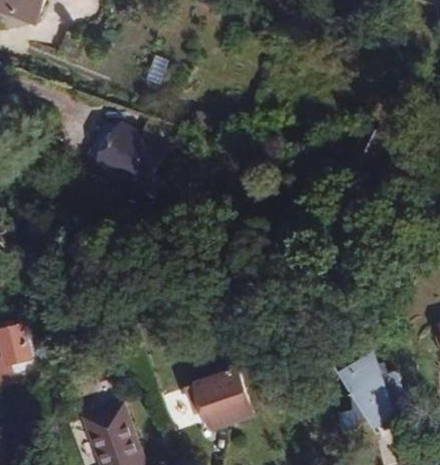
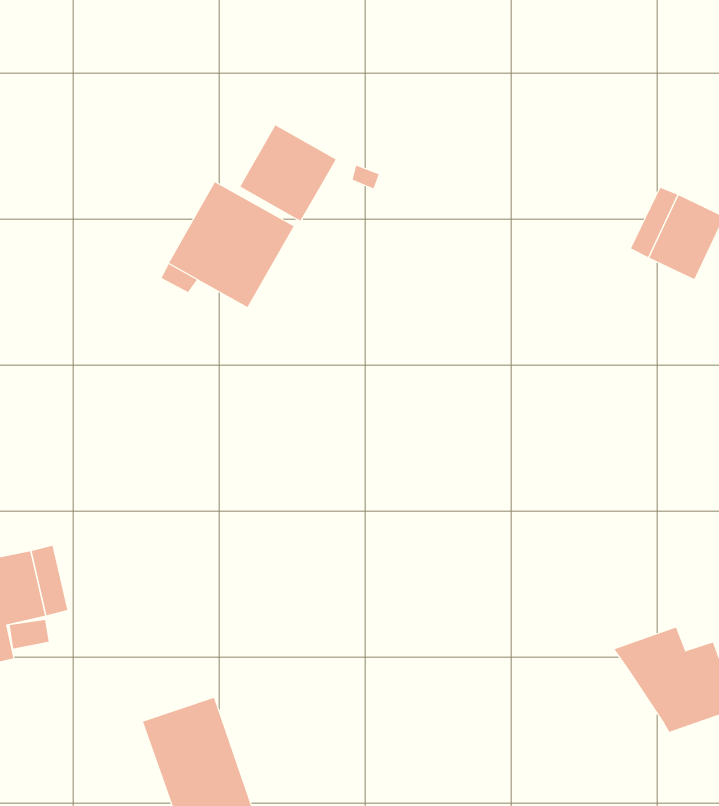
building: none -> [239,125,337,221]
building: [186,368,251,429] -> none

